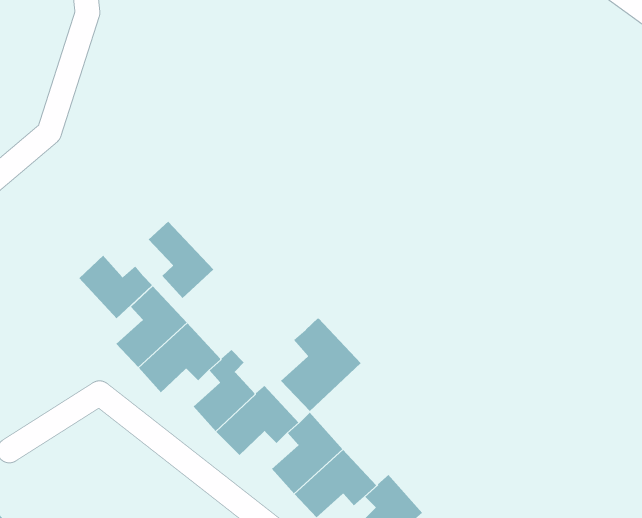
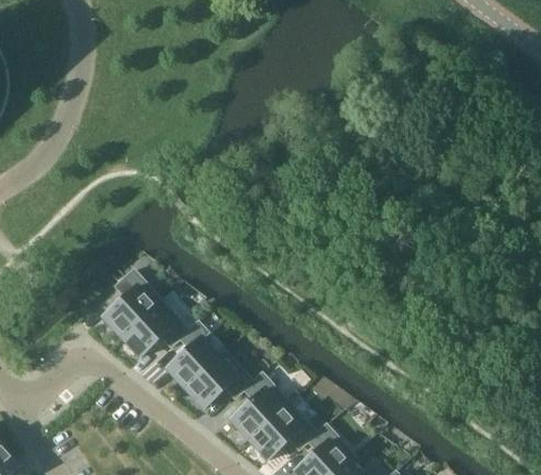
building: [148,221,214,299] -> none
building: [79,255,152,319] -> none
building: [280,318,361,412] -> none

